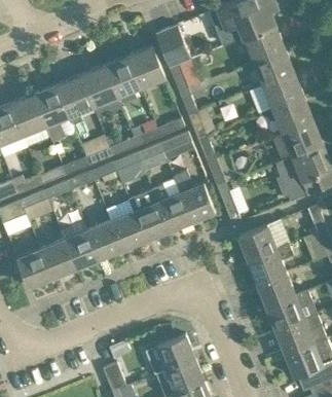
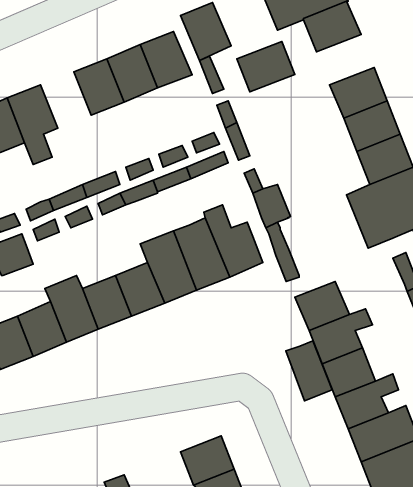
building: [254,50,295,86] -> [237,41,295,92]
building: [58,77,94,125] -> none
building: none -> [286,341,332,401]

